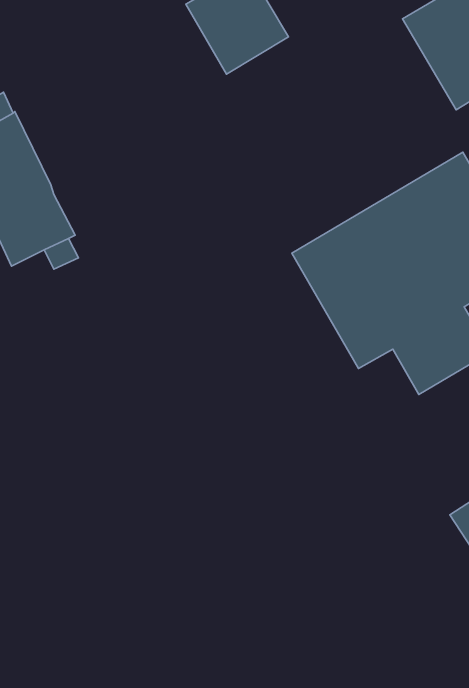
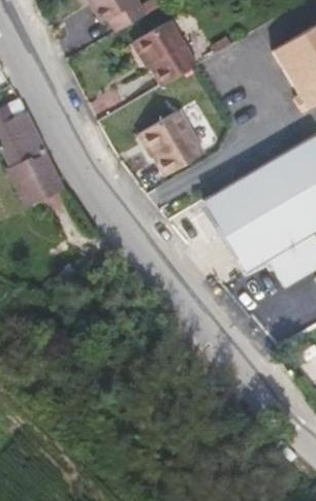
building: none -> [140,109,207,176]

